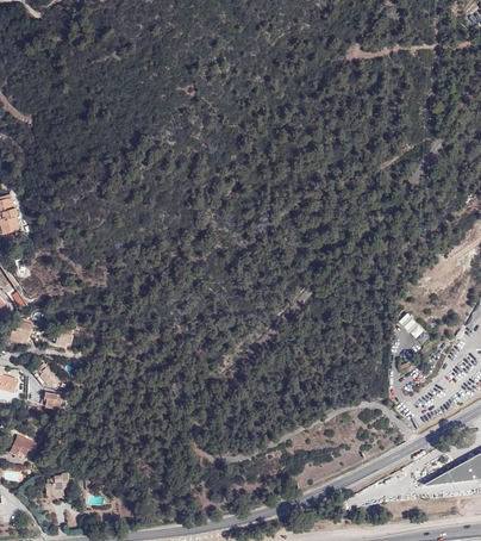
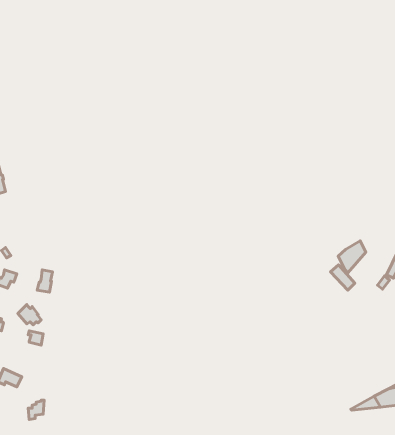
building: none -> [338,241,366,273]

